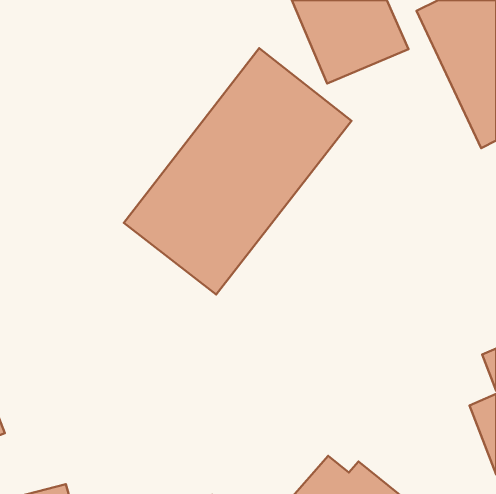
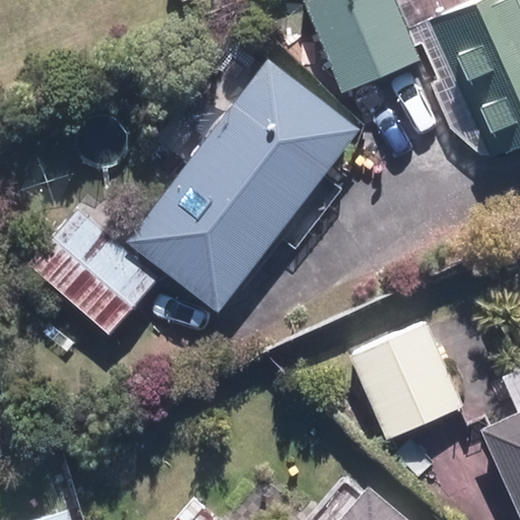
building: none -> [27,206,160,335]
building: none -> [348,320,462,439]

